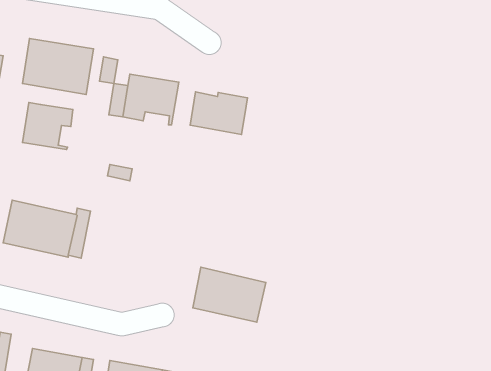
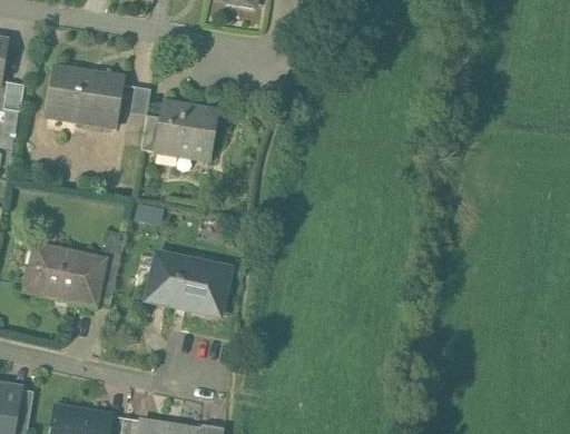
building: [190,92,248,134] -> none
building: [23,103,73,150] -> none
building: [193,267,266,322] -> [147,253,227,313]

